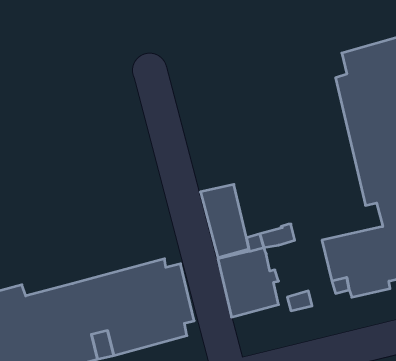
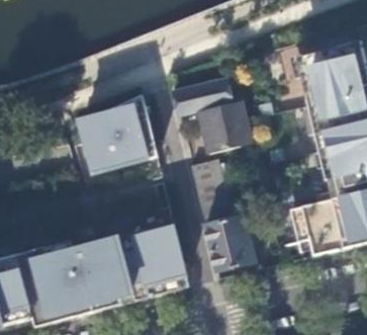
building: none -> [172,80,252,153]
building: none -> [80,95,157,172]

